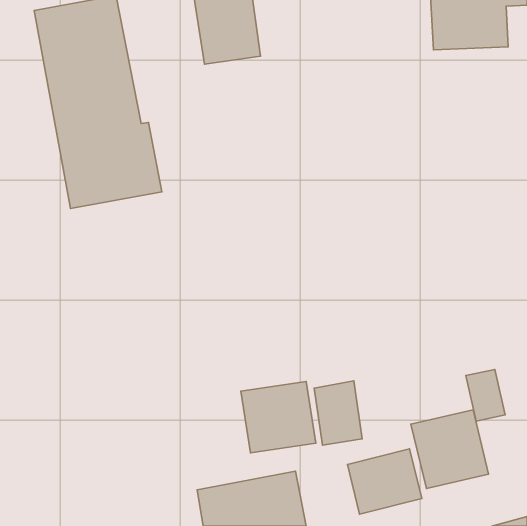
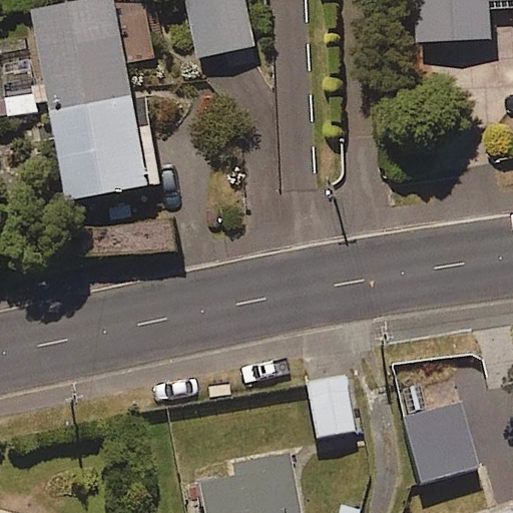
building: [241,382,316,453] -> none
building: [348,449,422,514] -> none

